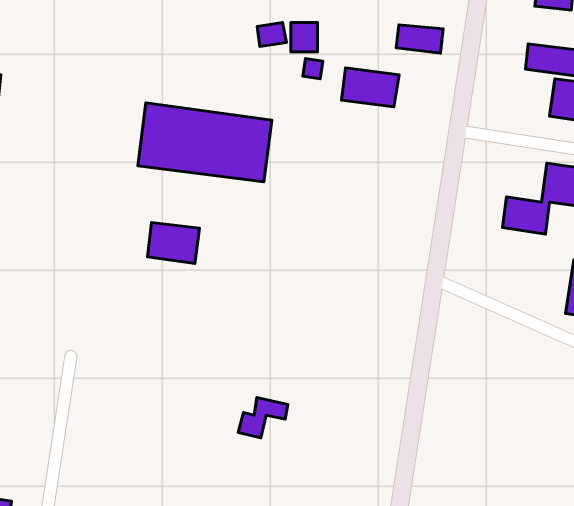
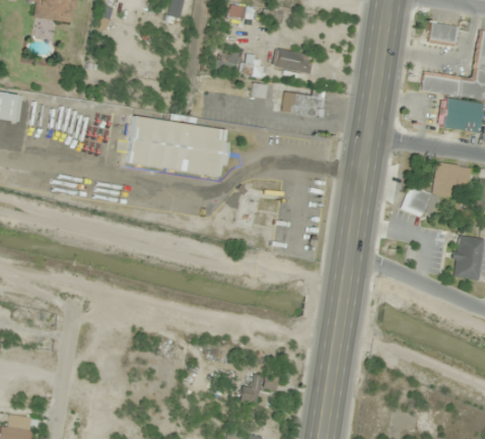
building: [396,25,443,53] -> [276,51,311,72]
building: [147,223,200,264] -> none
building: [238,398,288,438] -> [239,374,277,404]

